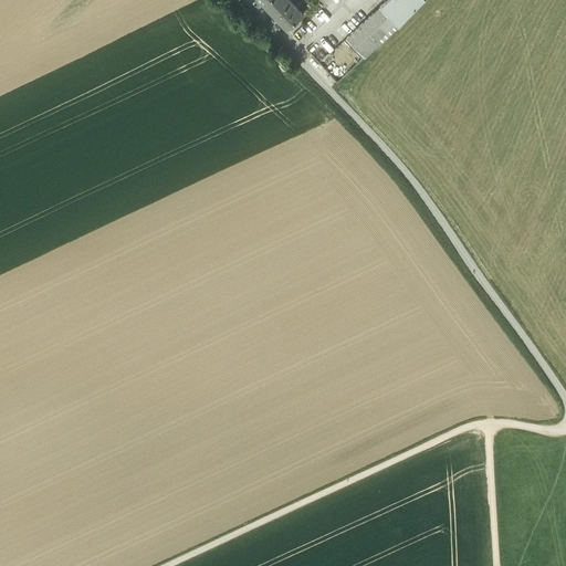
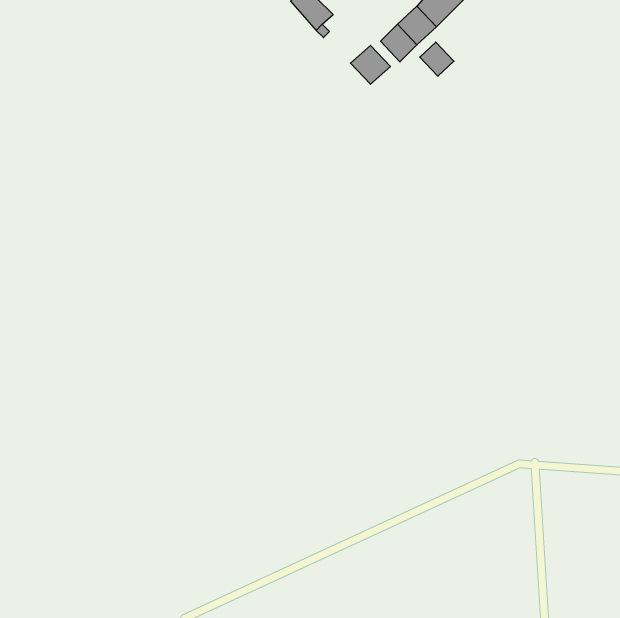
building: none -> [420,42,454,76]
building: none -> [350,45,390,84]

